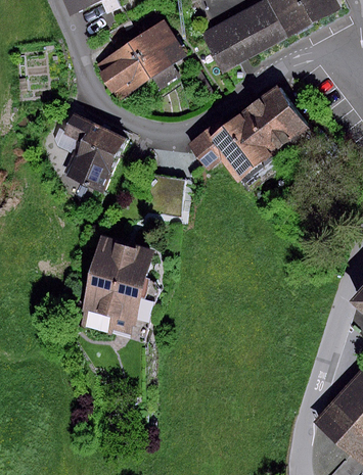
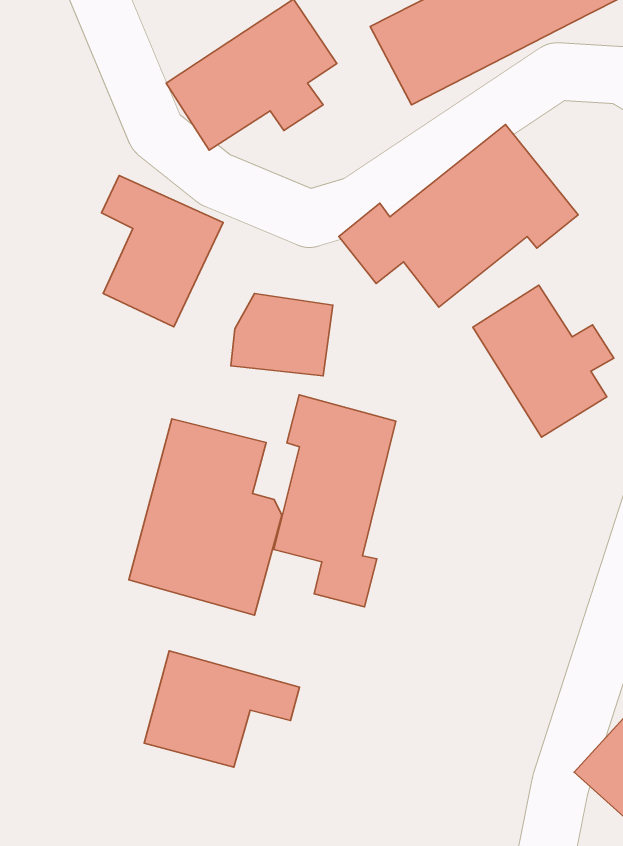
building: none -> [473,285,614,437]
building: none -> [274,395,396,607]
building: none -> [144,651,299,767]

